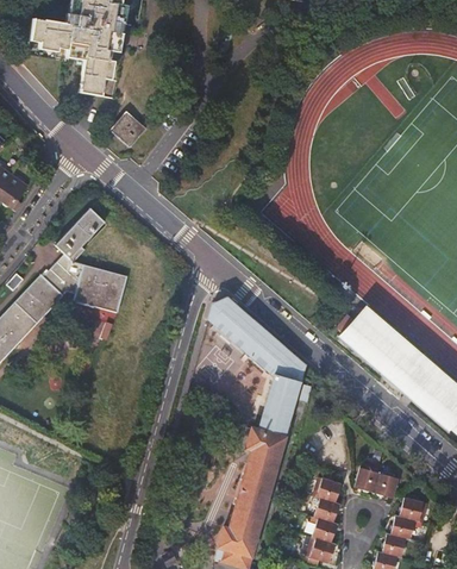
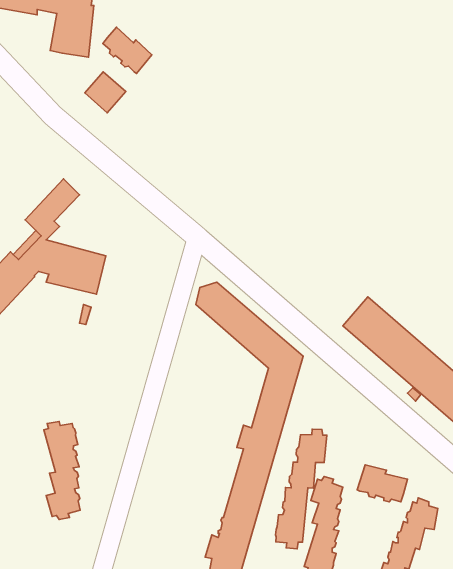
building: none -> [103,27,152,73]
building: none -> [44,421,80,520]
building: none -> [276,429,327,549]

